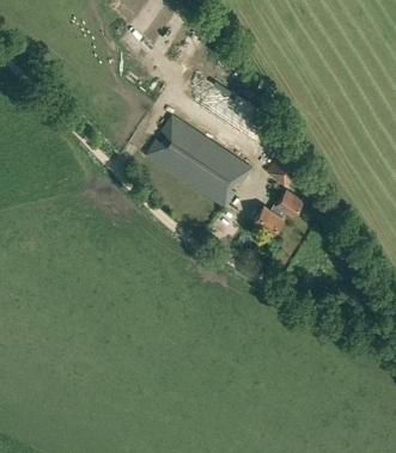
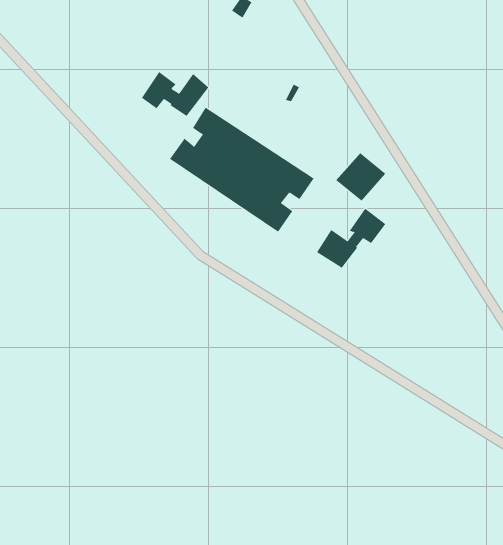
building: none -> [141,71,209,117]

